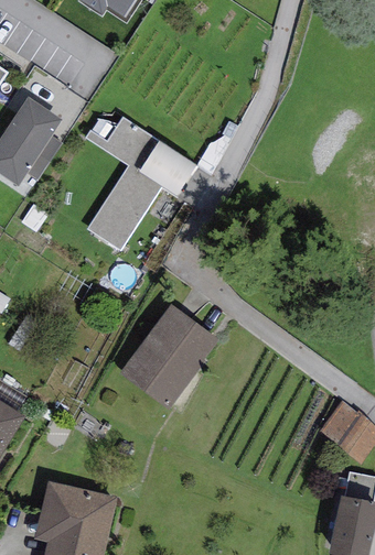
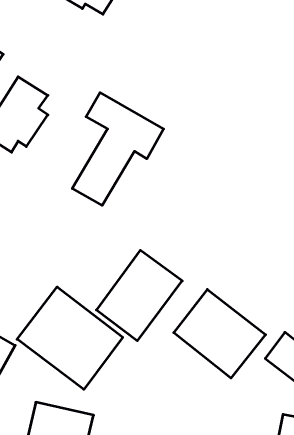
building: none -> [17,287,123,389]
building: none -> [174,289,266,378]

